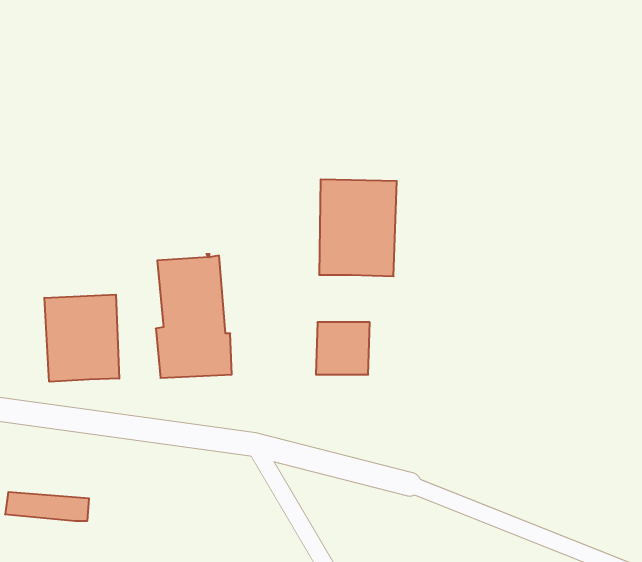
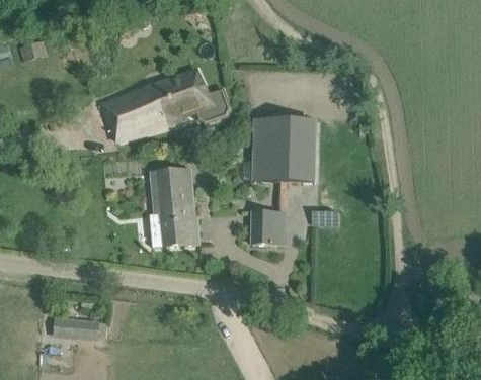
building: none -> [101,70,228,141]
building: [44,295,119,382] -> none

